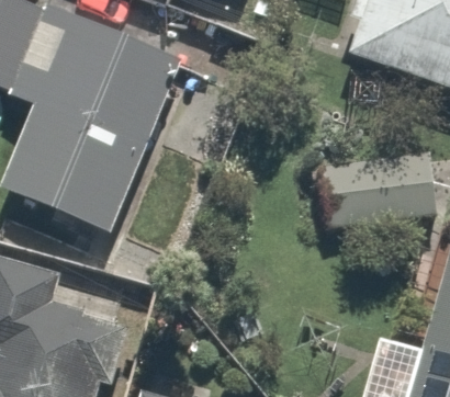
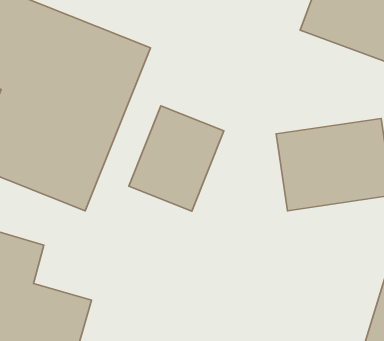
building: none -> [129,106,224,211]

